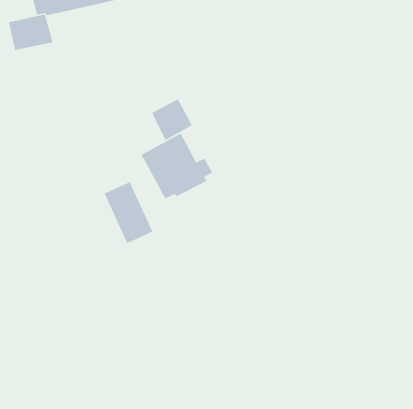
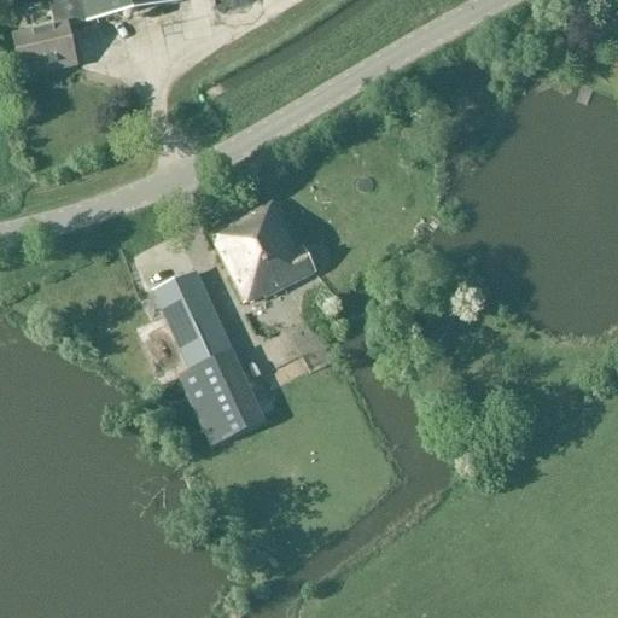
building: [151,98,193,141] -> none
building: none -> [179,345,266,445]

